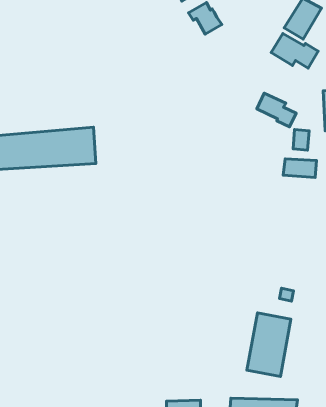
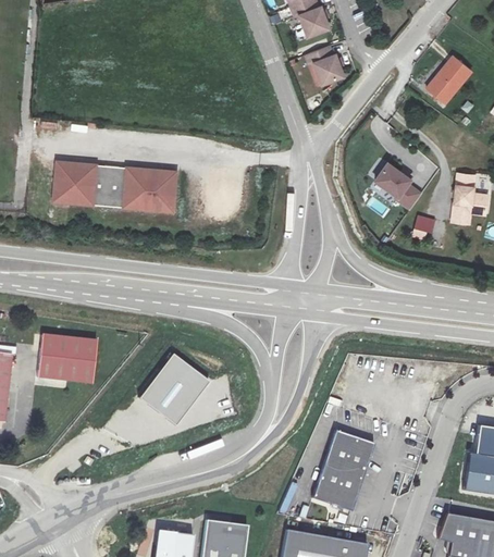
building: [271,33,318,68] -> none
building: [283,159,316,177] -> none
building: none -> [37,335,96,384]
building: none -> [140,354,210,425]

